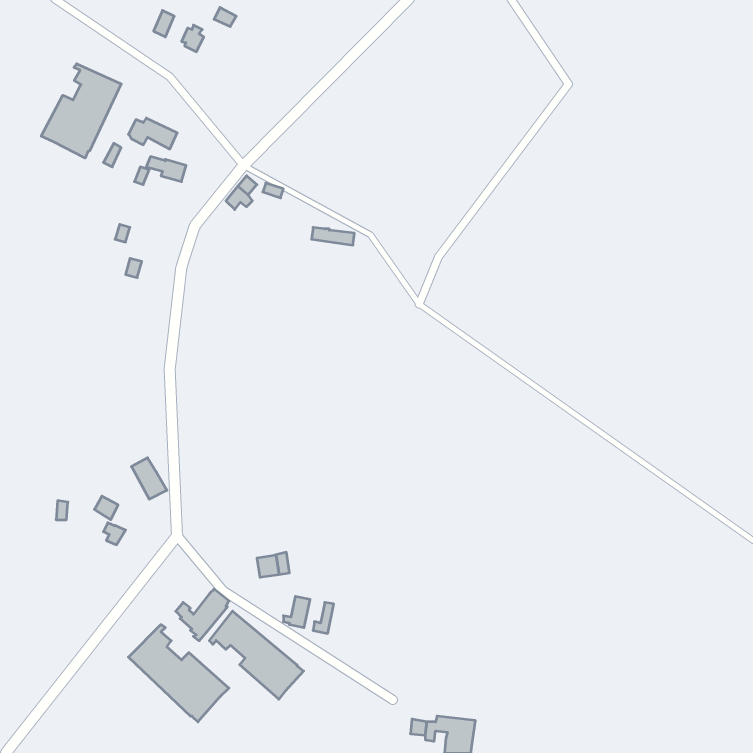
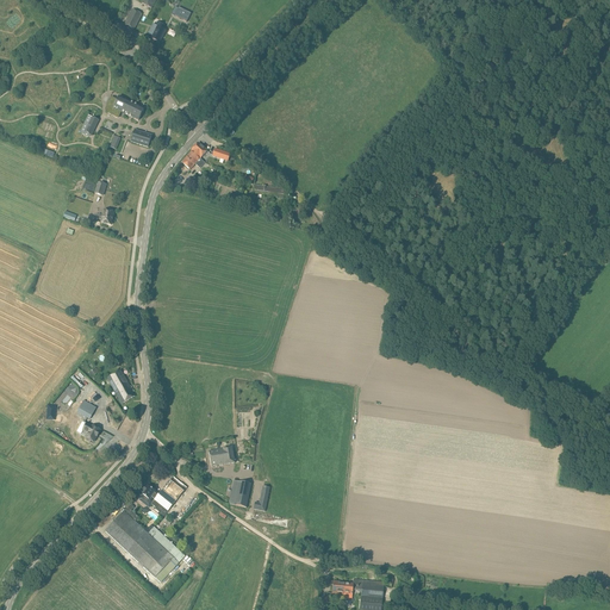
building: [41,64,121,158] -> none
building: [209,611,304,699] -> none

